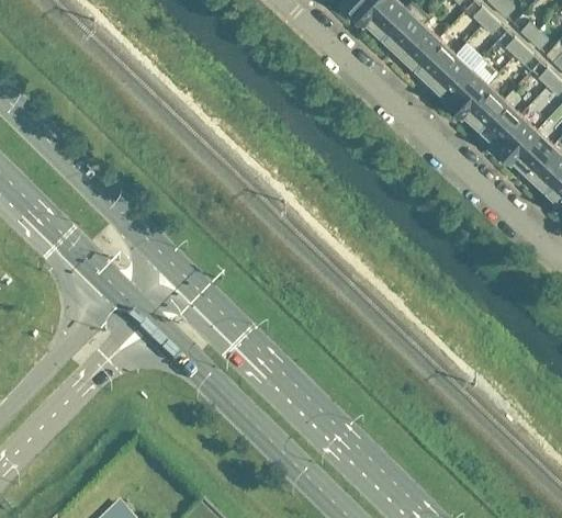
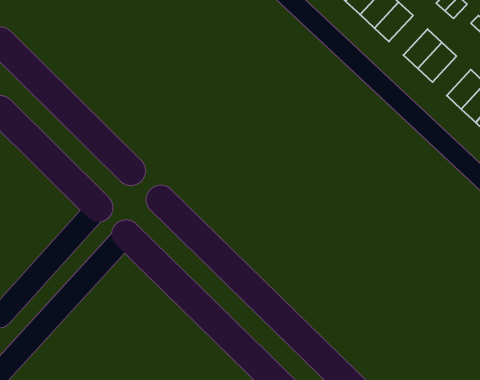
building: [443,69,487,114] -> none
building: [493,115,537,160] -> none

